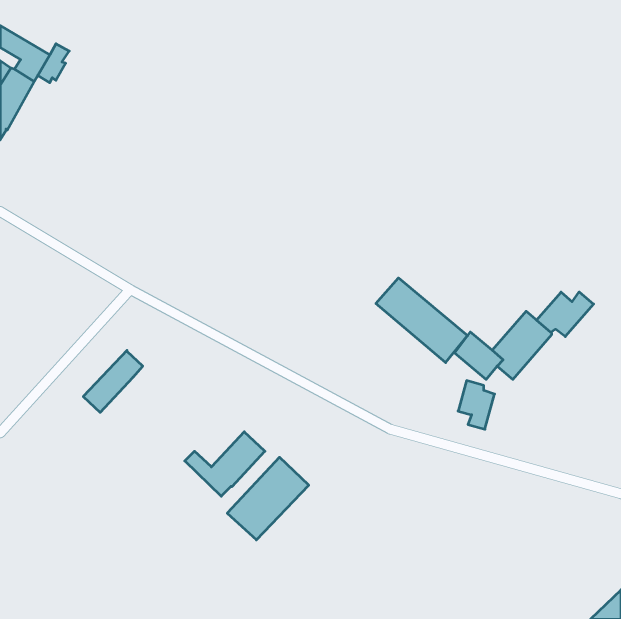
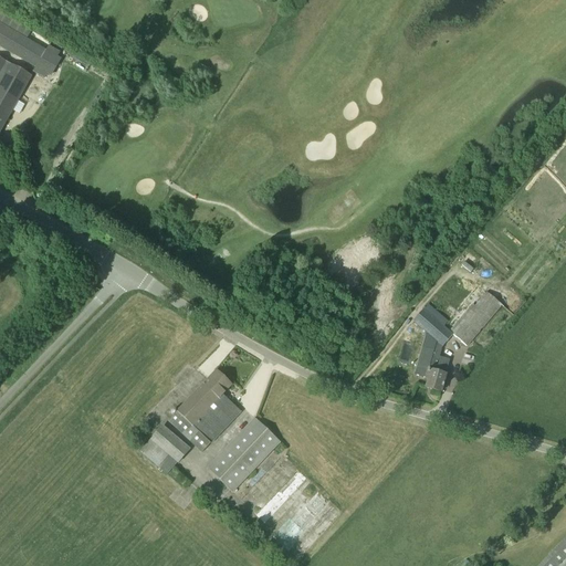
building: [376,278,468,363] -> none
building: [537,292,594,337] -> none
building: [83,350,143,412] -> [177,368,231,424]
building: none -> [140,423,190,473]

